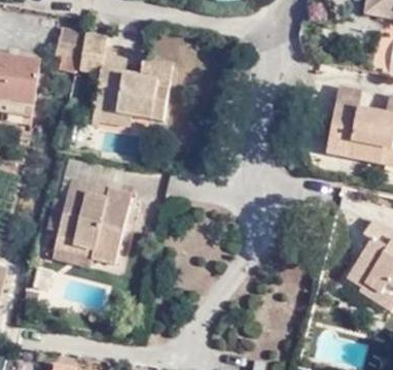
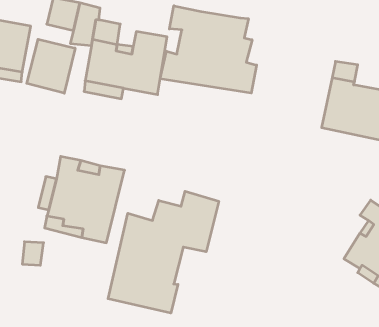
building: none -> [160,6,257,93]
building: none -> [27,39,75,93]
building: none -> [108,191,219,313]

